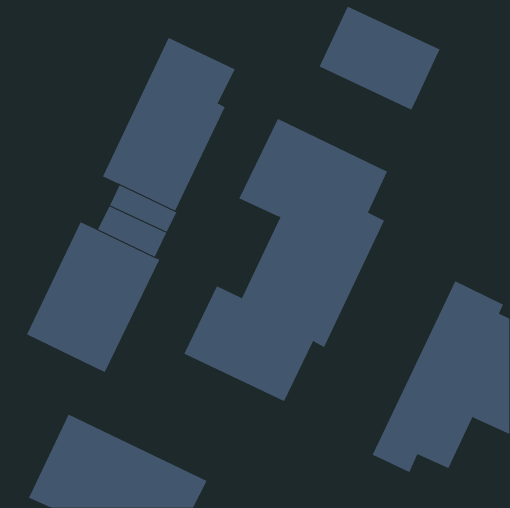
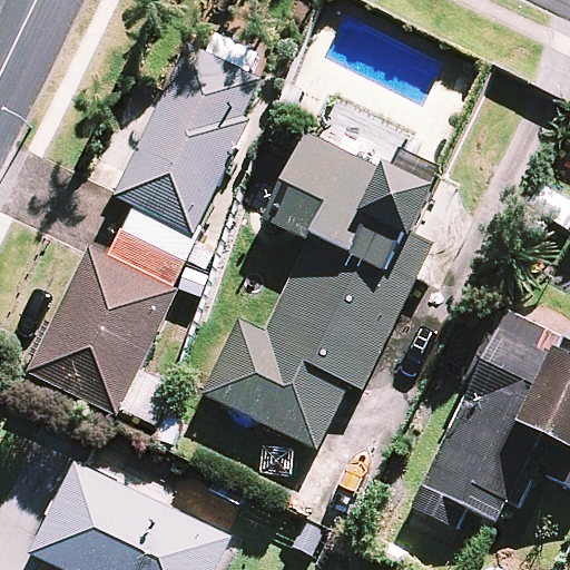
building: [319,6,441,110] -> none

